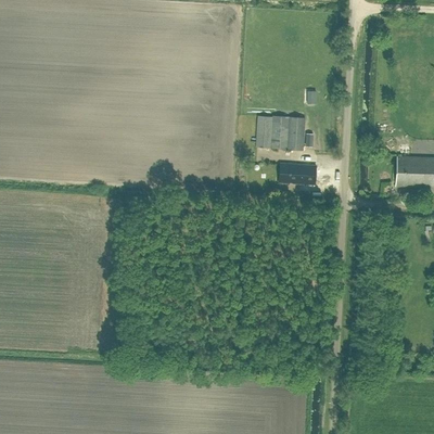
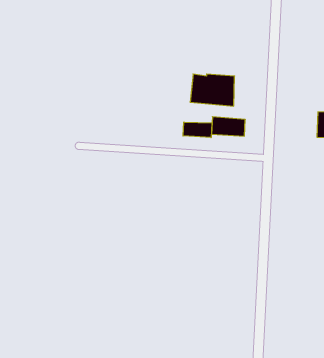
building: none -> [183,122,212,138]

